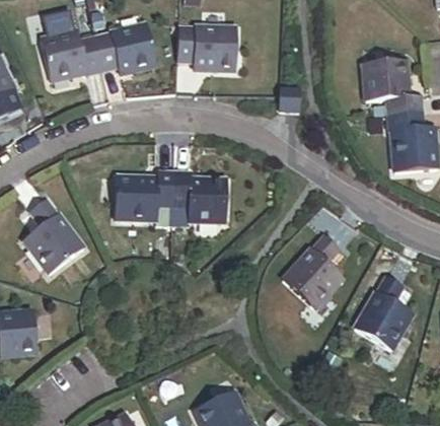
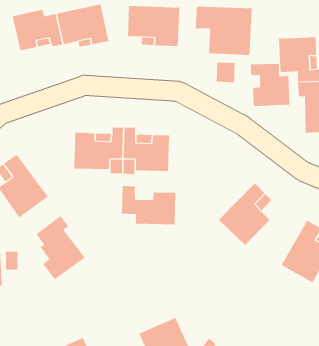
building: none -> [195,6,252,56]
building: none -> [250,63,290,107]
building: none -> [121,185,176,225]
building: none -> [36,215,85,280]

